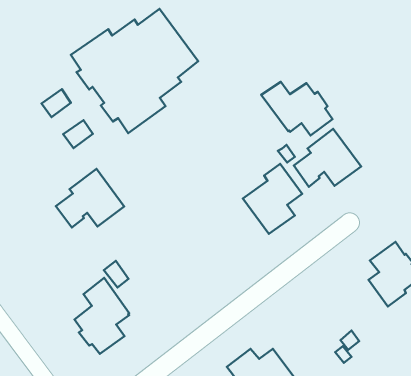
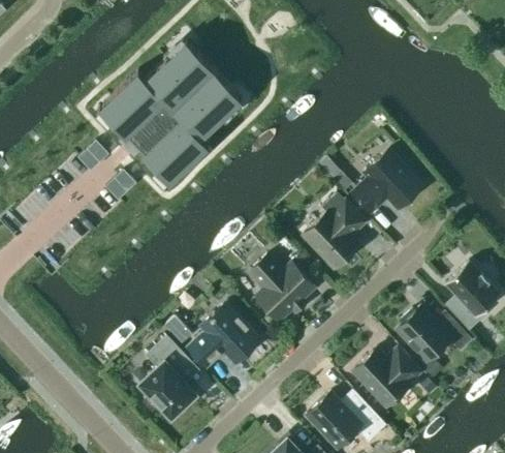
building: [261,82,333,135] -> none
building: [56,169,124,228] -> [188,302,260,367]
building: none -> [249,253,315,321]
building: none -> [397,306,471,361]
building: none -> [352,348,419,406]

